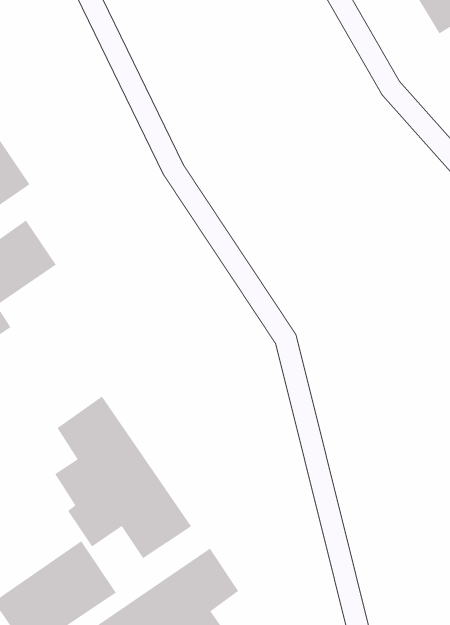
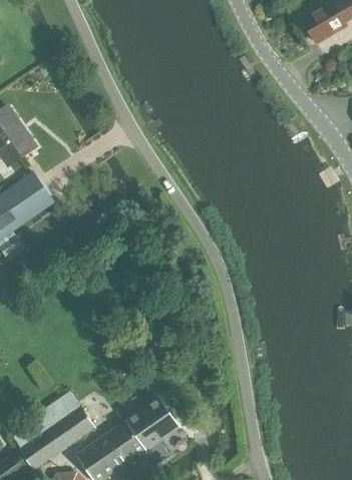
building: [54,395,192,559] -> none

